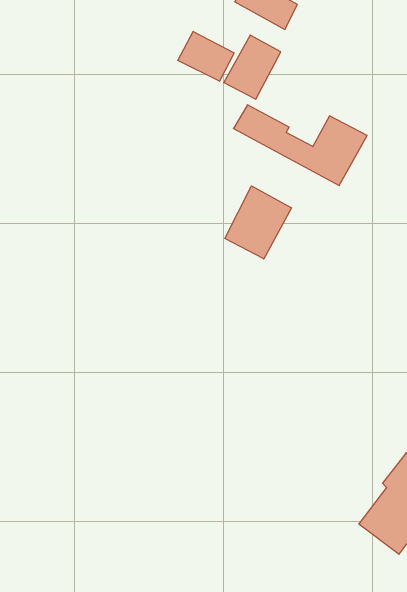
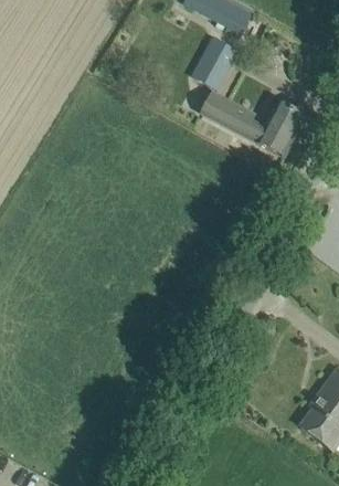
building: [178,31,234,81] -> none
building: [225,186,291,259] -> none

